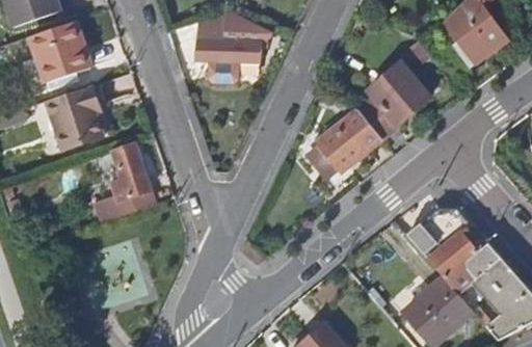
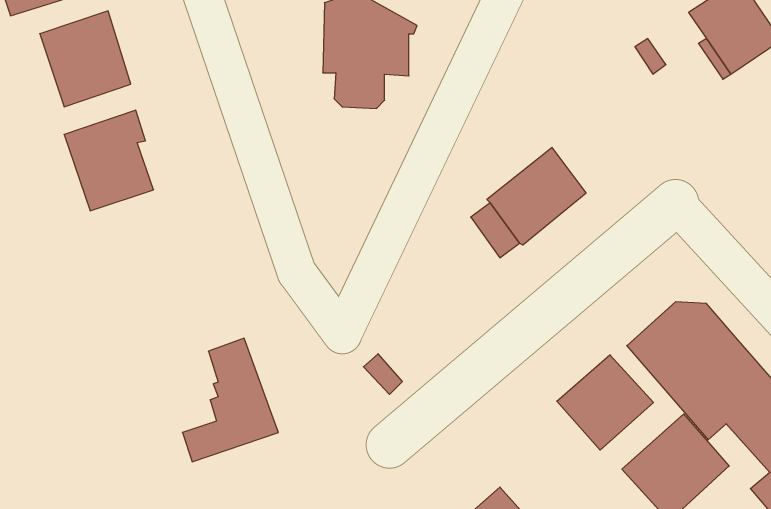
building: [358,60,430,137] -> none
building: [96,142,157,221] -> [182,338,278,462]
building: none -> [557,355,653,450]

